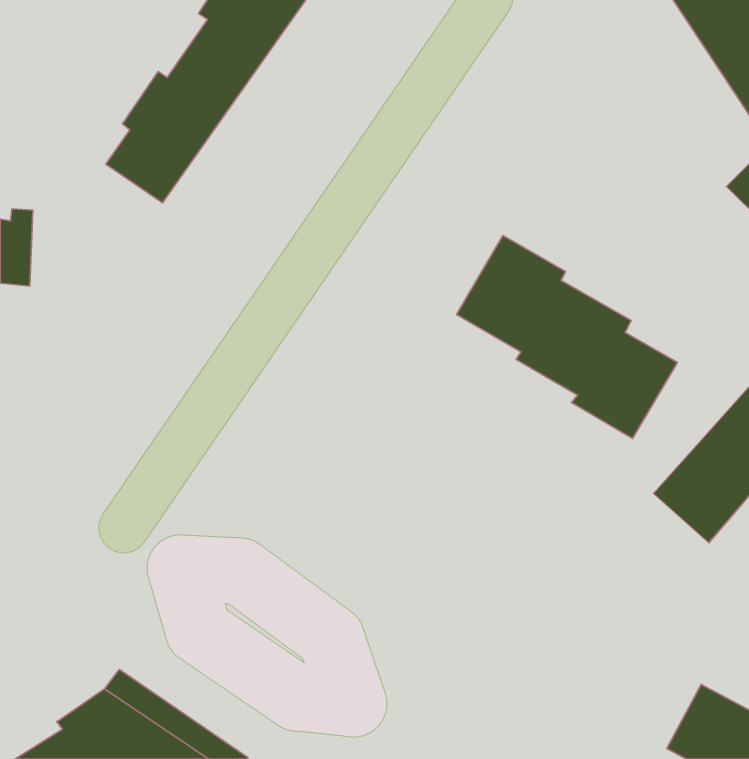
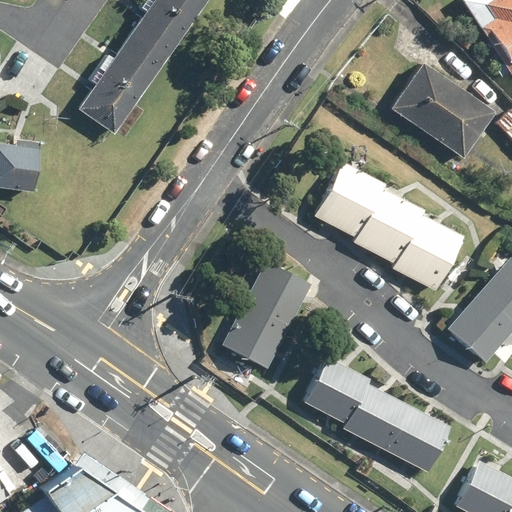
building: none -> [389,62,494,157]
building: none -> [220,259,313,371]
building: none -> [303,354,451,471]

